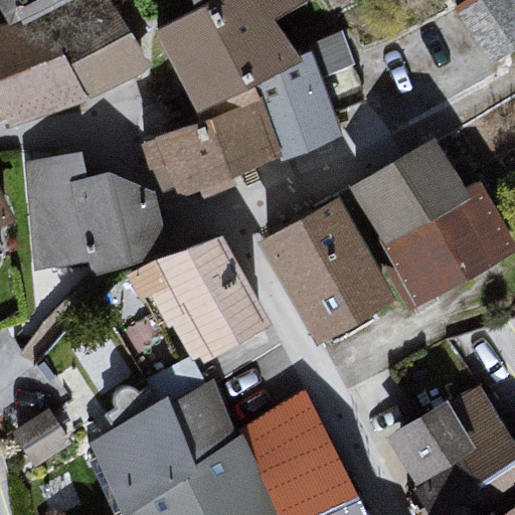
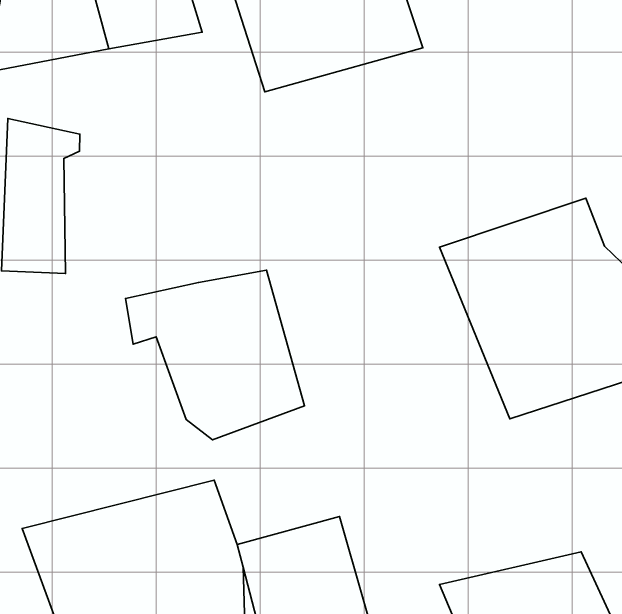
building: [153,58,338,198] -> none
building: [66,173,164,266] -> none
building: [259,196,411,341] -> none

